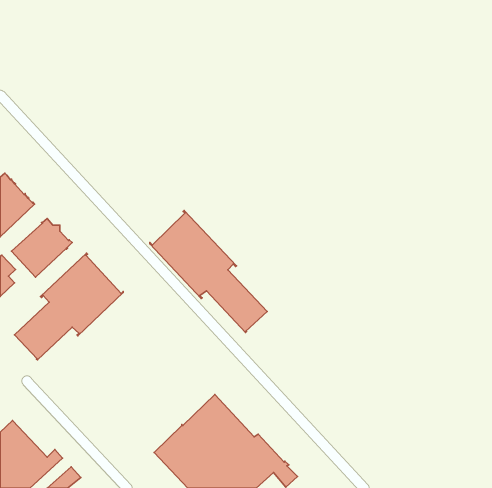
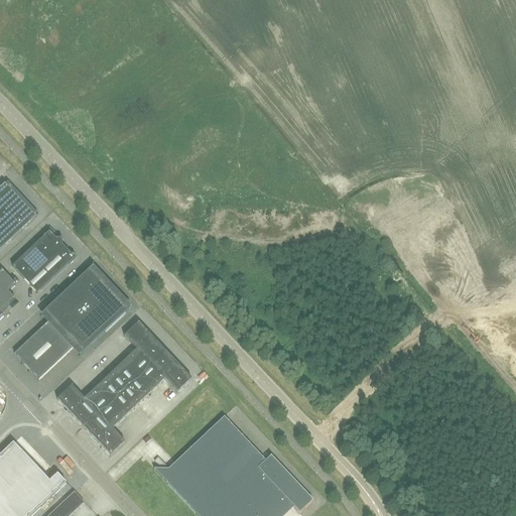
building: [150,211,267,332] -> none
building: none -> [57,319,192,453]

